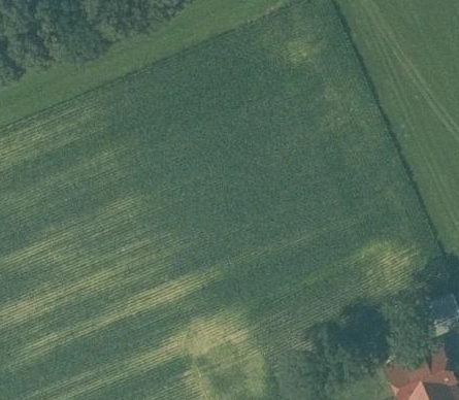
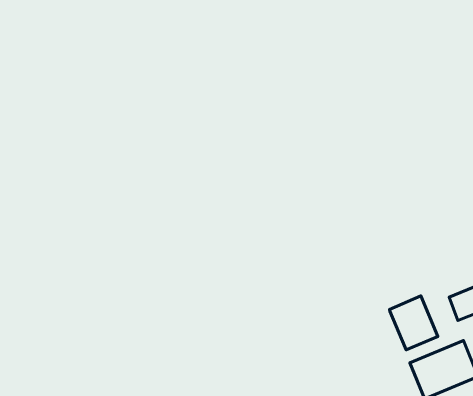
building: none -> [389,296,438,350]

